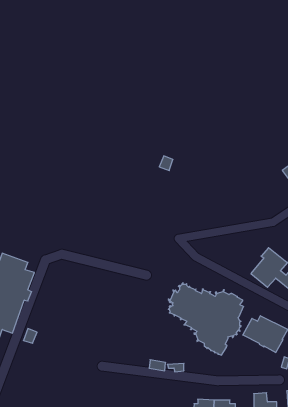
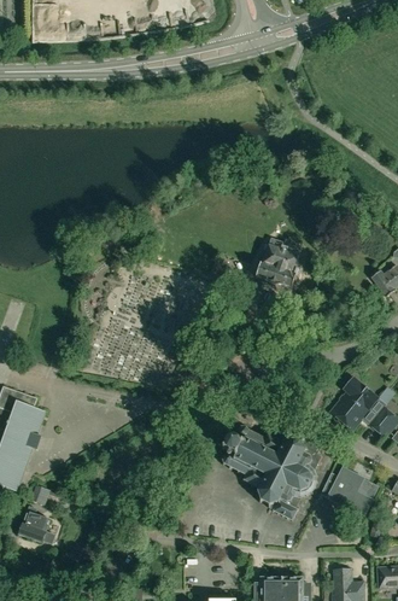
building: none -> [256,238,302,288]
building: none -> [18,512,49,543]

